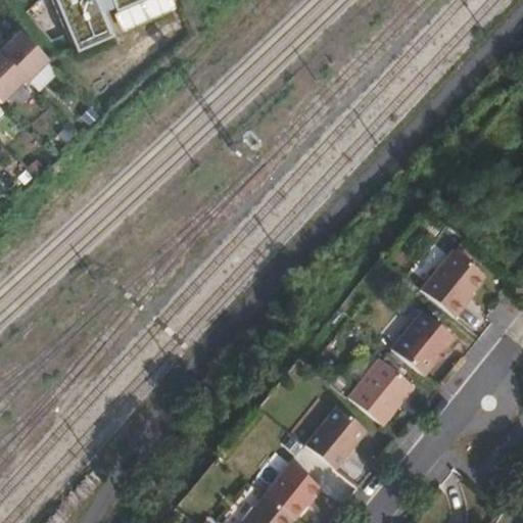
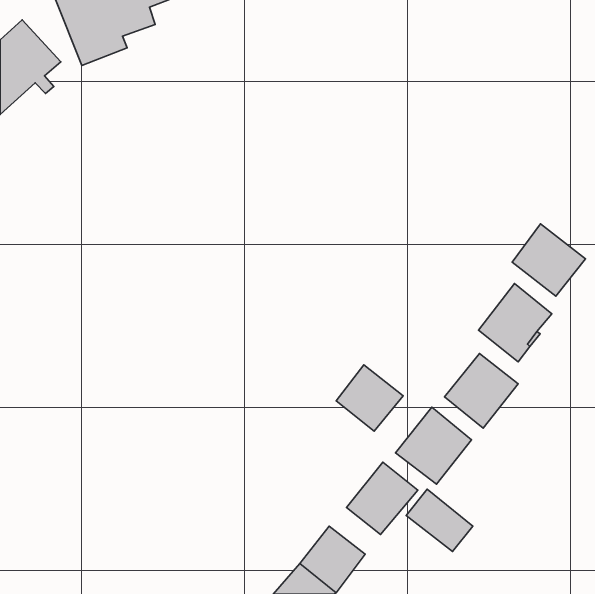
building: none -> [512,224,586,296]
building: none -> [336,365,403,431]
building: none -> [406,489,473,551]

